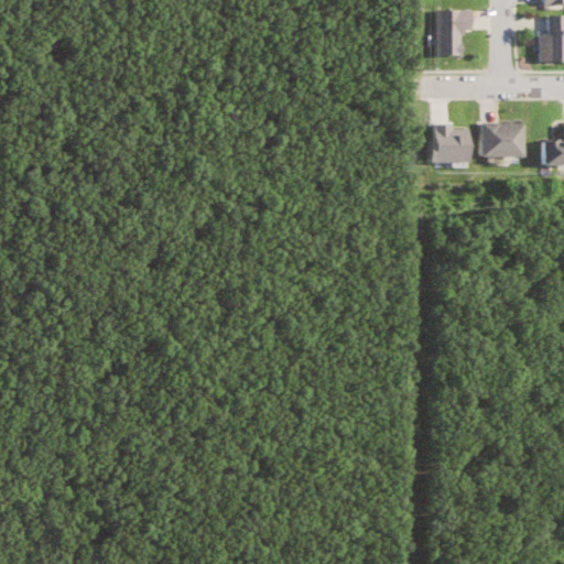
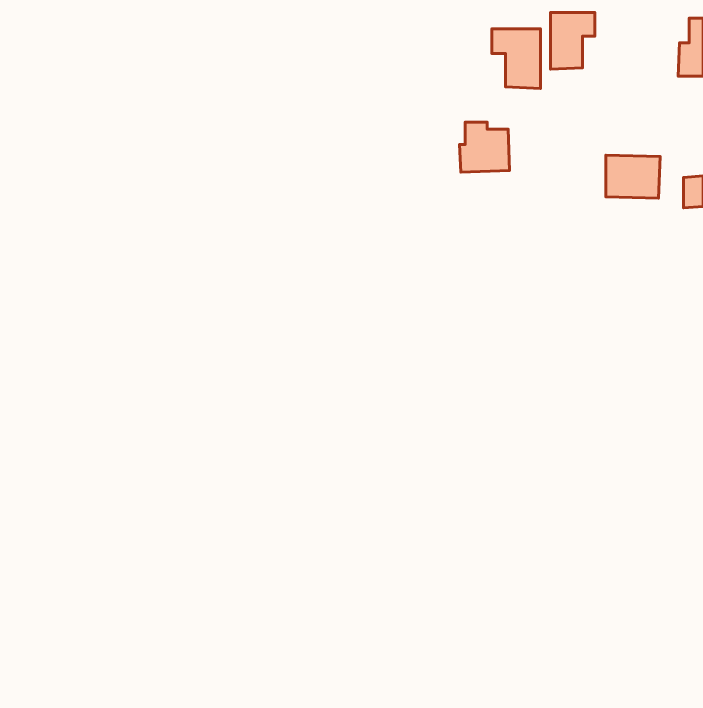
building: none -> [492,29,540,88]
building: [430,123,469,163] -> [460,122,509,172]

